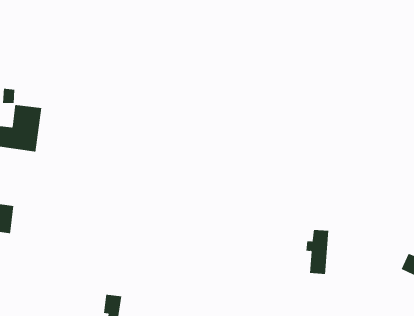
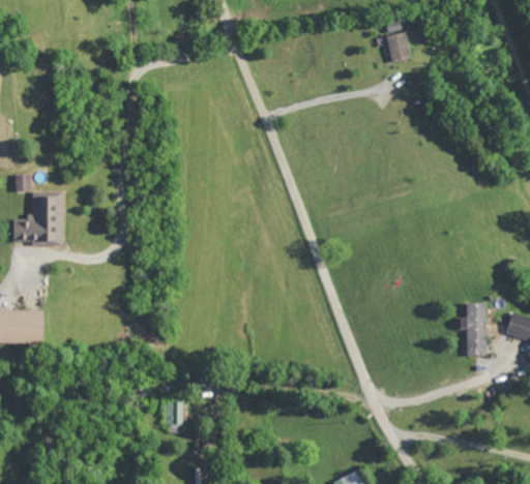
building: none -> [387,31,411,61]
building: [306,230,329,274] -> [461,302,488,355]

